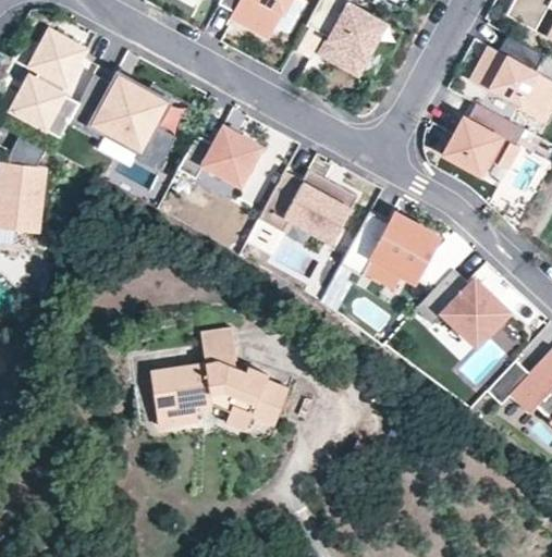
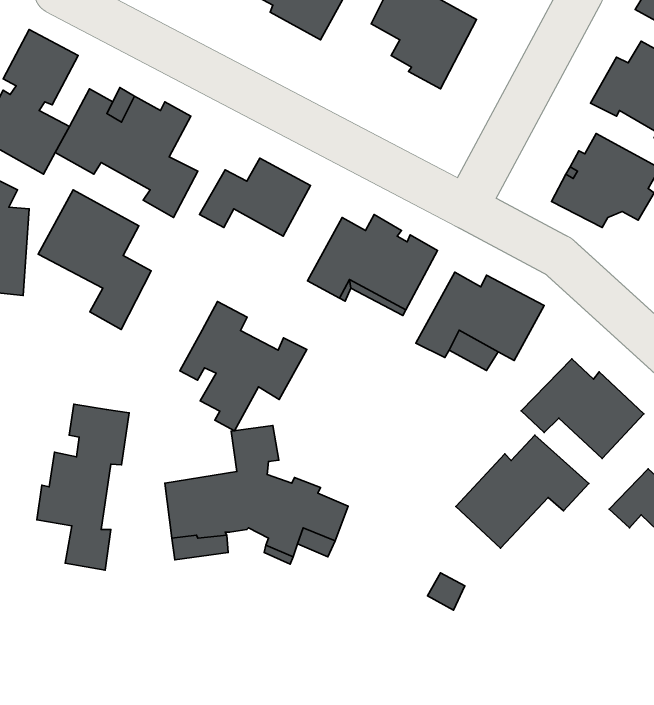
building: none -> [38,190,151,330]
building: none -> [180,301,307,431]
building: none -> [37,404,129,570]
building: none -> [456,435,589,548]

